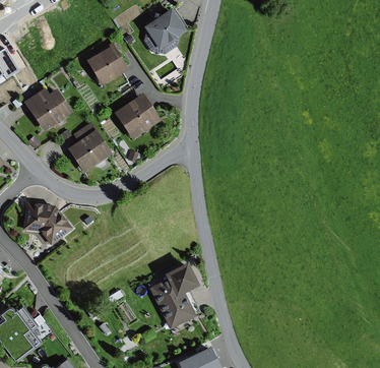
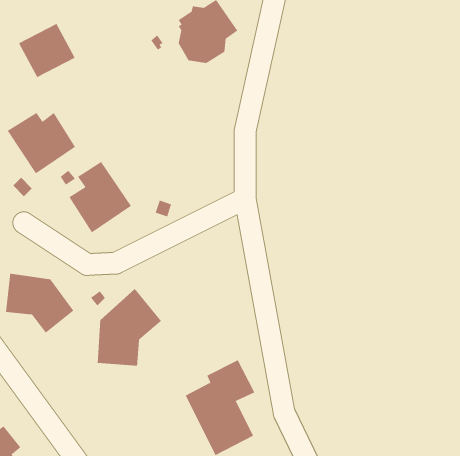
building: [86,45,127,83] -> [18,23,76,78]
building: [114,93,161,138] -> none
building: none -> [97,288,162,367]

